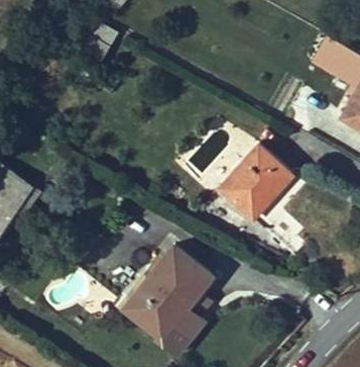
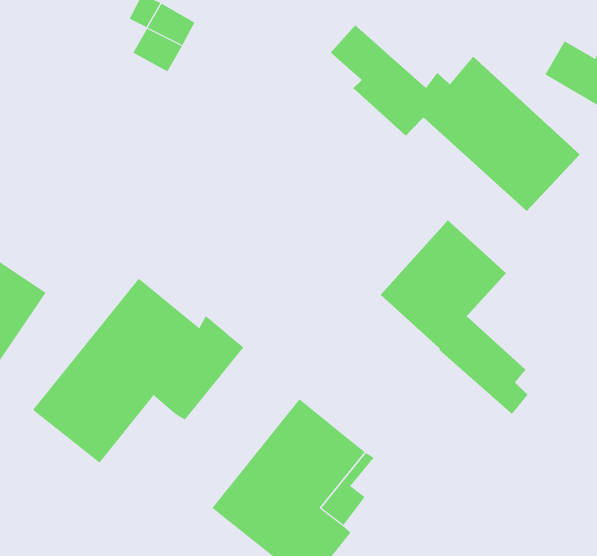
building: none -> [330,25,580,212]
building: none -> [32,278,244,464]

